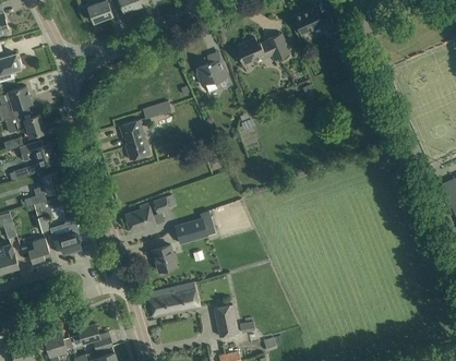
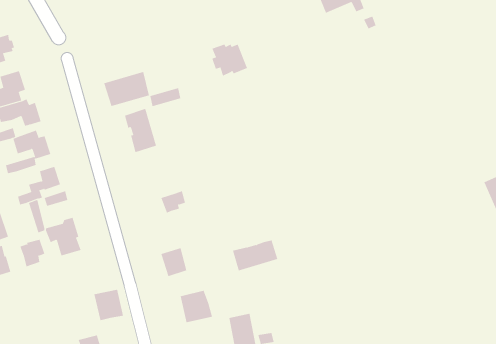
building: [237,34,289,65] -> none
building: none -> [104,71,150,107]
building: [123,203,156,233] -> none
building: [173,216,215,244] -> [232,240,278,271]
building: [147,289,175,317] -> [94,289,124,321]

